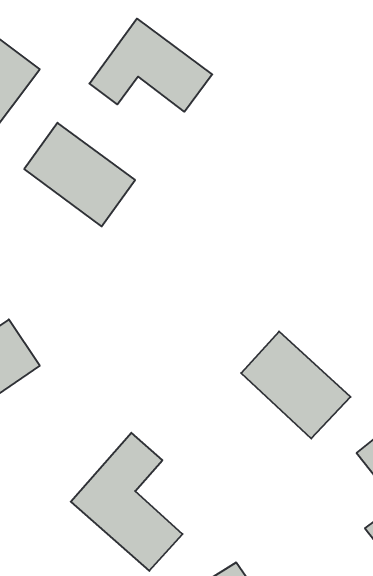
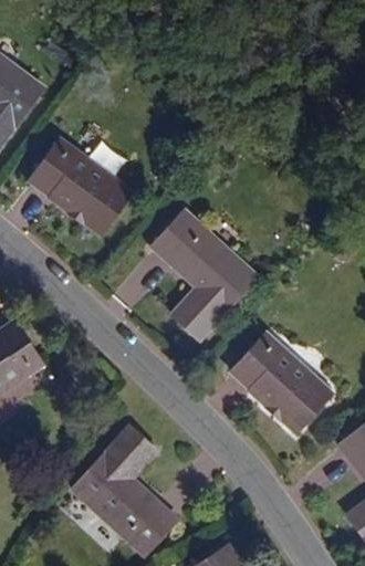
building: [89,19,212,112] -> none
building: none -> [150,209,256,337]

